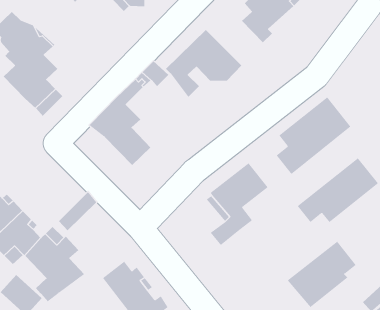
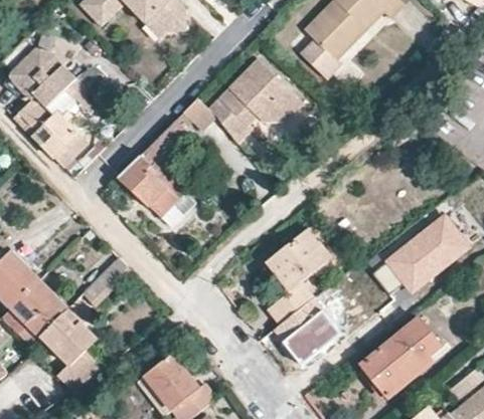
building: [276,97,351,175] -> none
building: none -> [271,291,346,364]

